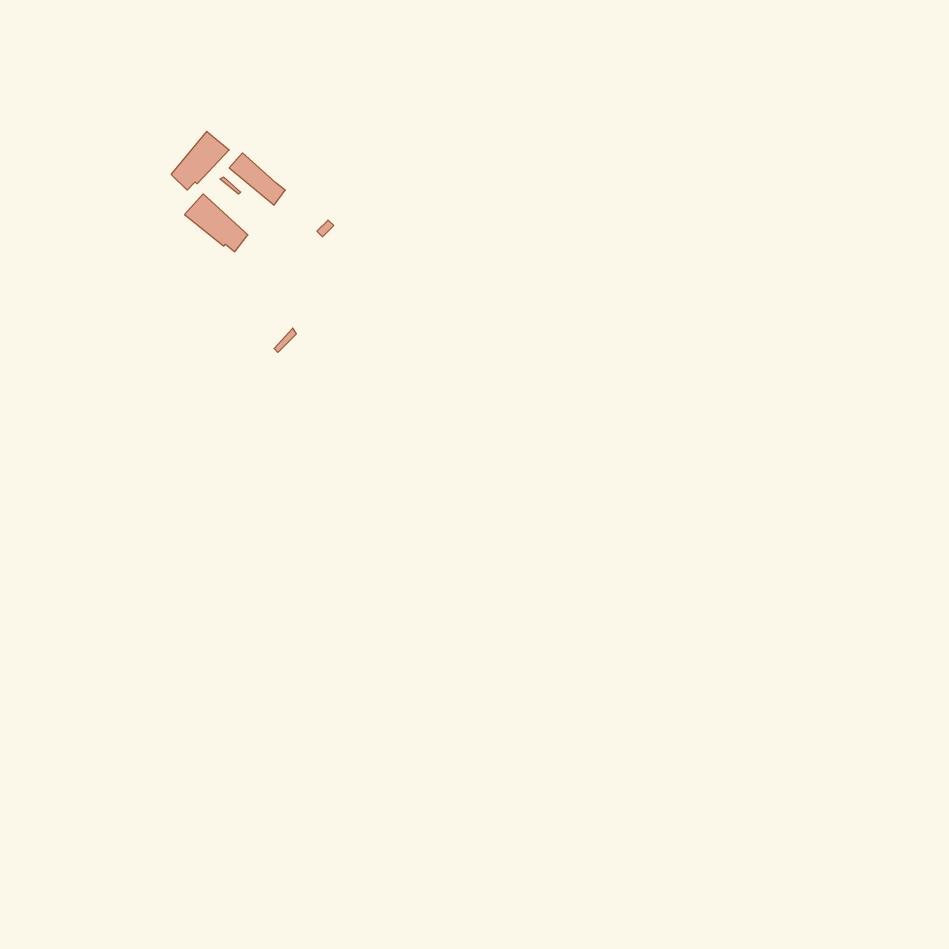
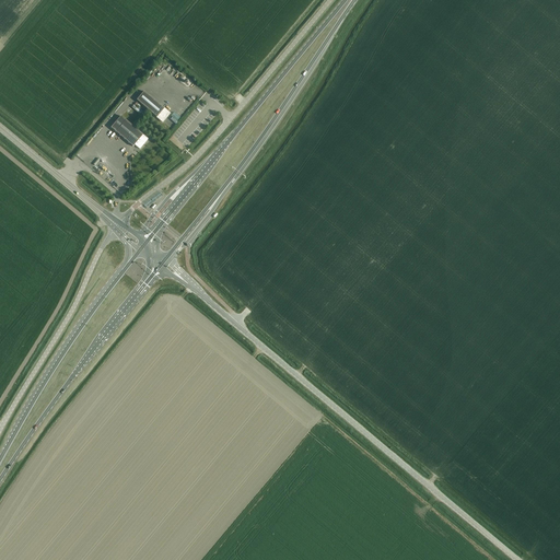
building: [171,131,229,190] -> none

